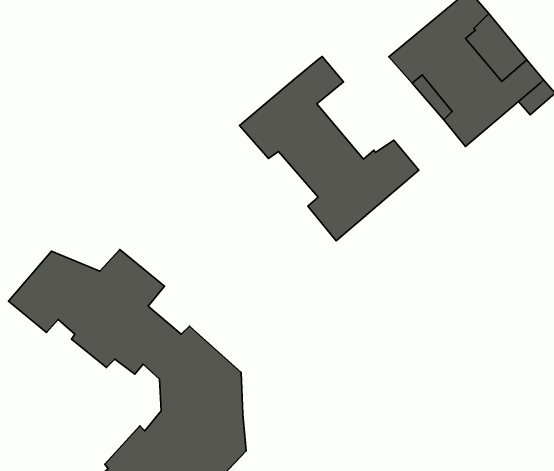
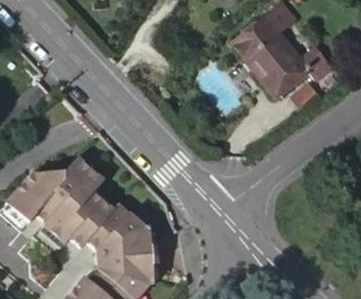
building: [240,57,419,241] -> none

